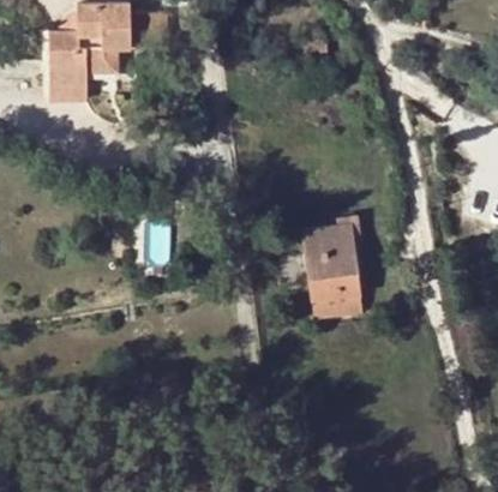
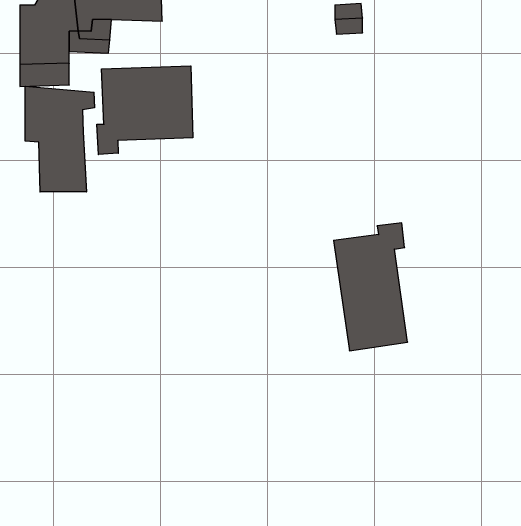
building: none -> [97,66,193,155]
building: none -> [25,86,94,192]

